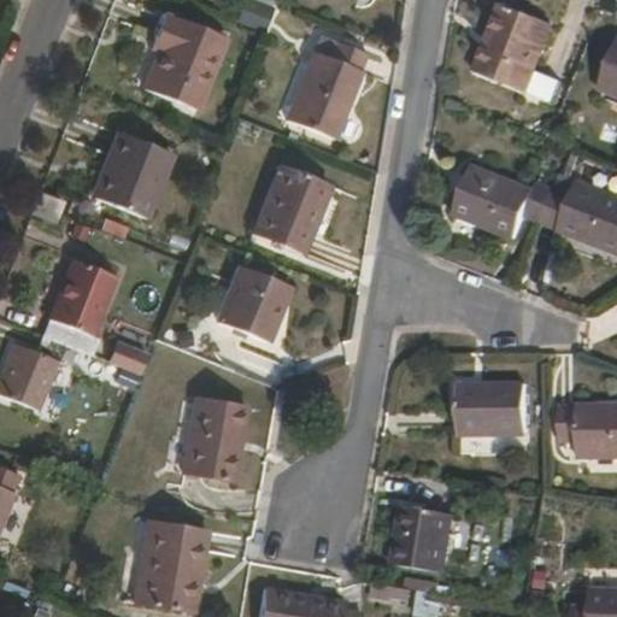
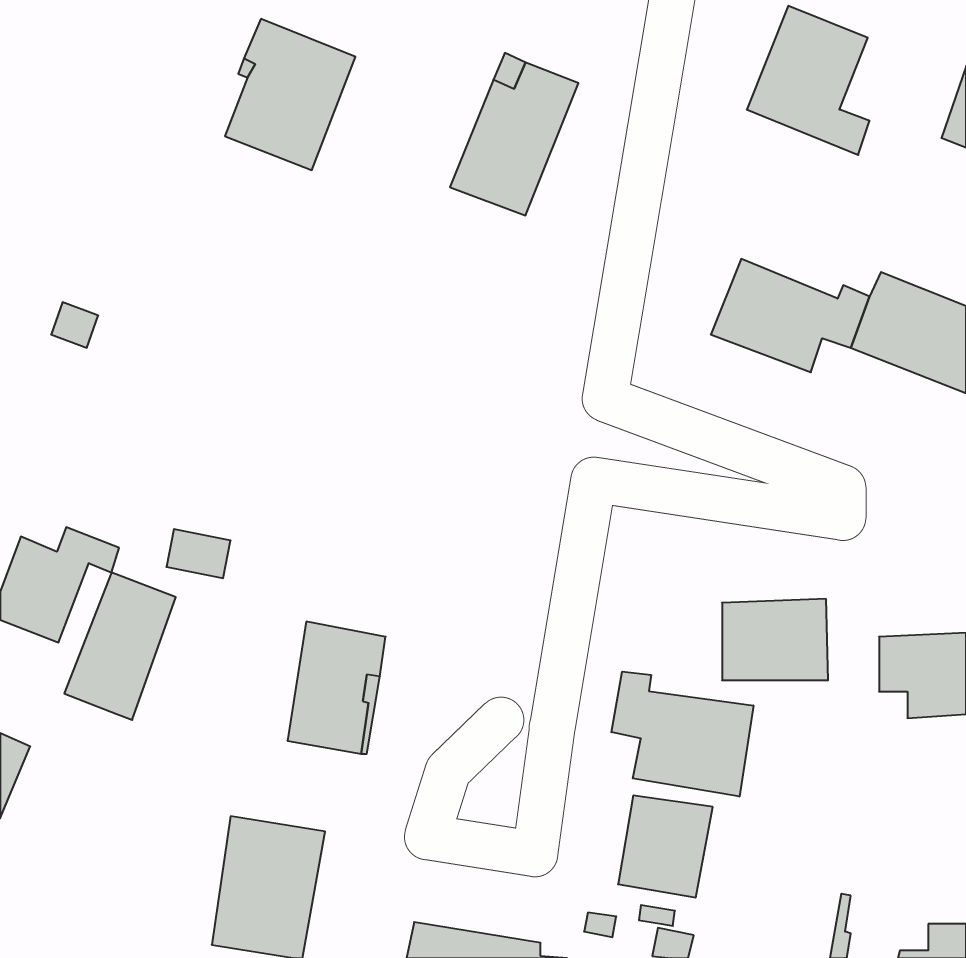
building: [95,133,171,218] -> none
building: [254,165,330,252] -> none
building: [42,259,113,353] -> [64,573,176,720]
building: [217,265,289,342] -> none
building: none -> [611,672,753,797]

